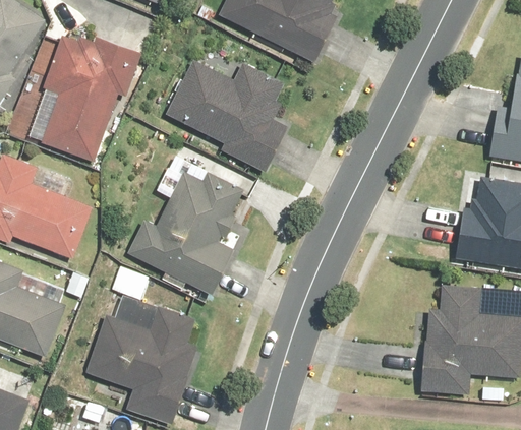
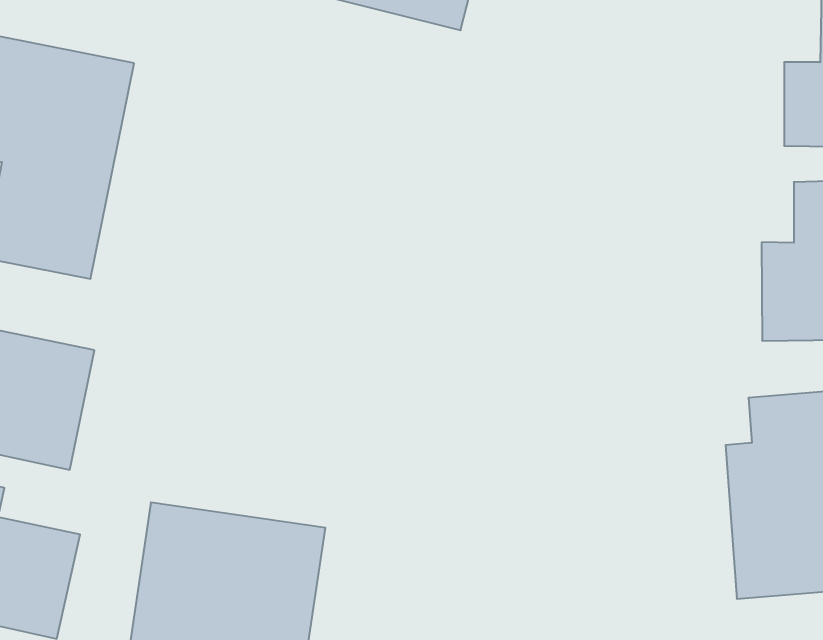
building: [164,56,290,174] -> none
building: [127,157,242,293] -> none

